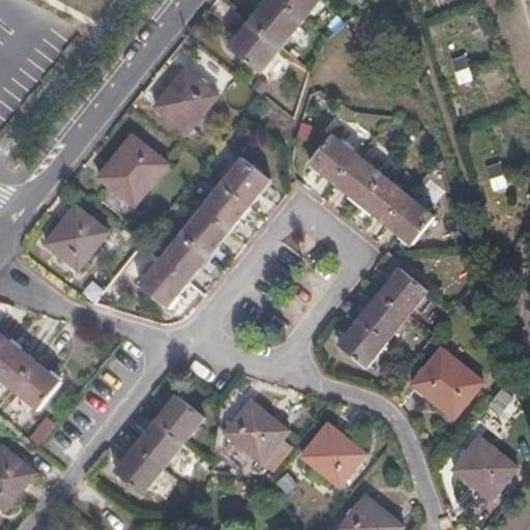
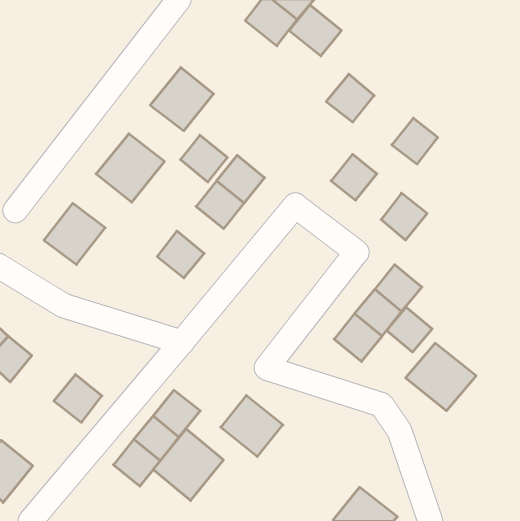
building: [228,21,281,72] -> [289,5,341,56]
building: [308,135,357,183] -> [326,74,374,122]
building: [360,176,407,223] -> [392,118,438,164]
building: [179,209,227,257] -> [180,135,227,182]
building: [139,260,186,306] -> none
building: none -> [387,307,432,352]
building: [10,360,59,409] -> [54,374,102,422]
building: [300,423,363,487] -> none
building: none -> [153,429,223,501]
building: [452,435,517,499] -> none

